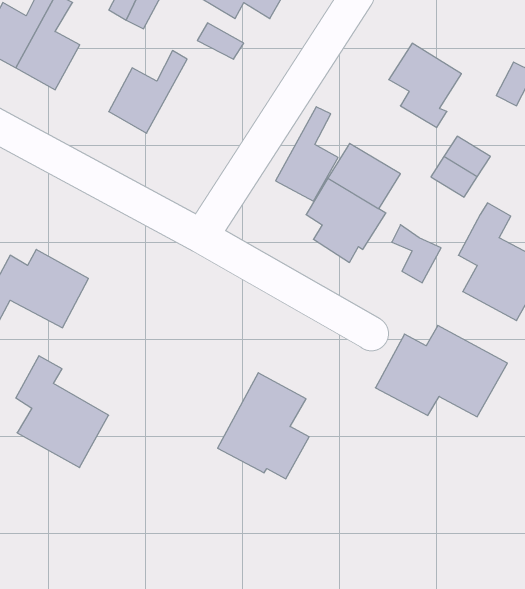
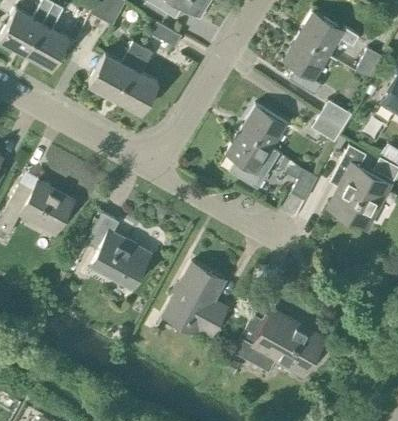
building: none -> [298,11,359,57]
building: [276,107,338,201] -> [115,47,158,112]
building: [375,325,507,417] -> [233,309,324,372]
building: [16,356,109,468] -> [87,213,151,290]

